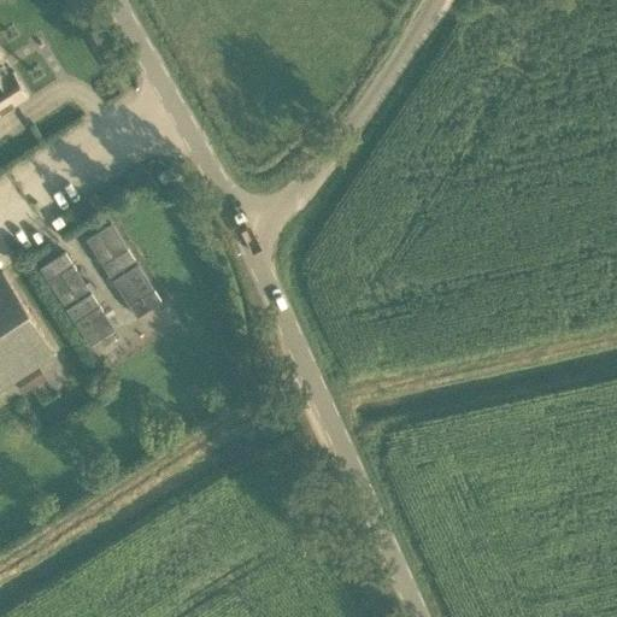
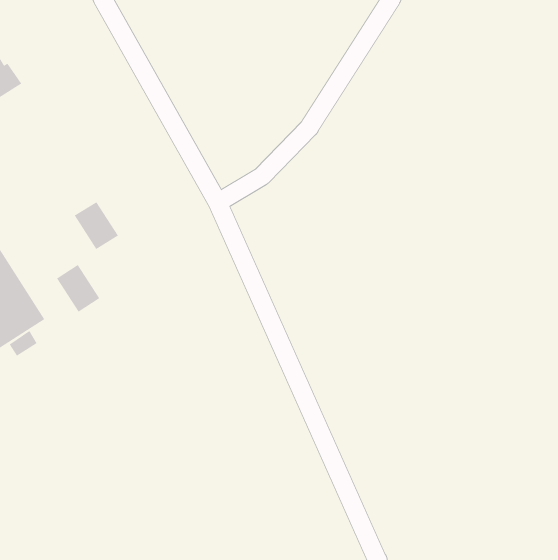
building: [35,248,83,301] -> none
building: [107,262,157,315] -> none

